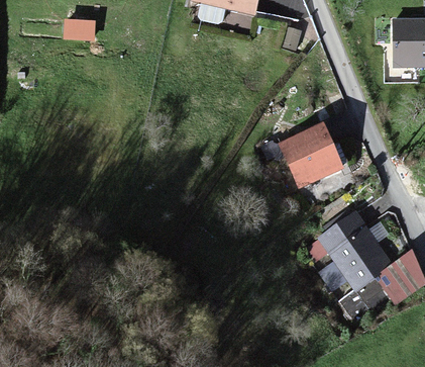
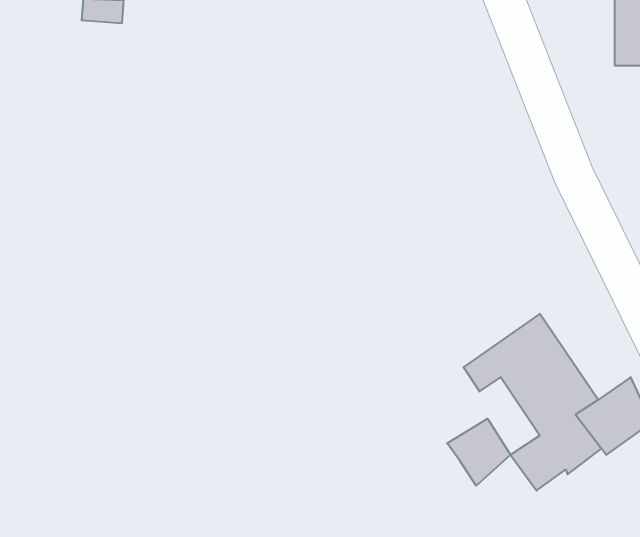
building: [278,130,343,191] -> none
building: none -> [447,419,511,486]

